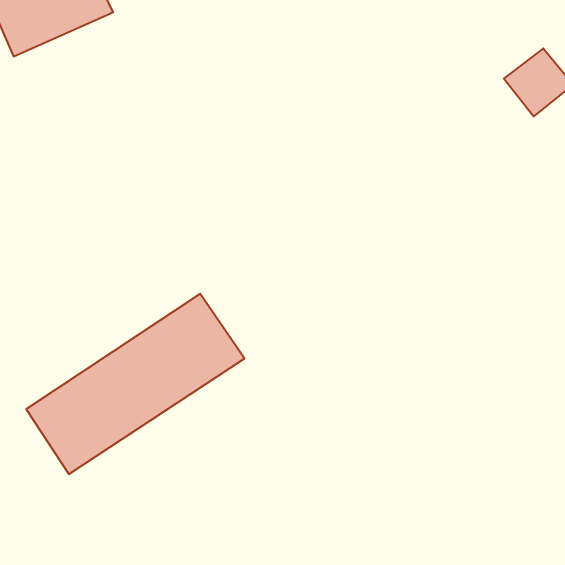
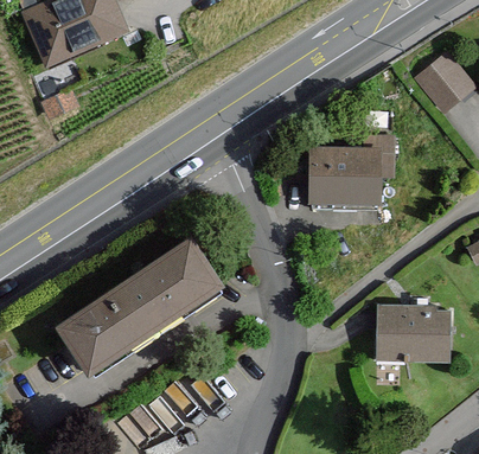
building: none -> [307,145,381,202]
building: none -> [377,308,447,365]

